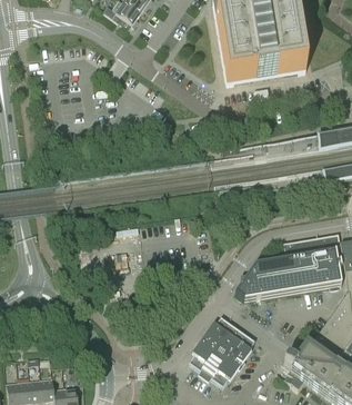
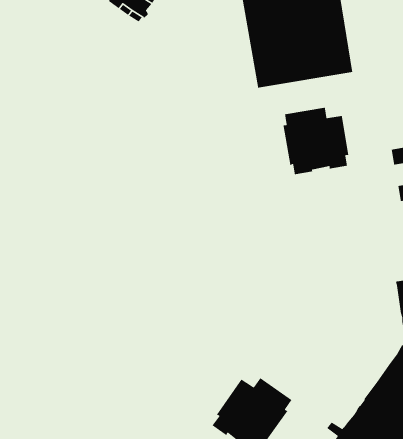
building: none -> [283,107,349,175]
building: [235,234,342,299] -> none

